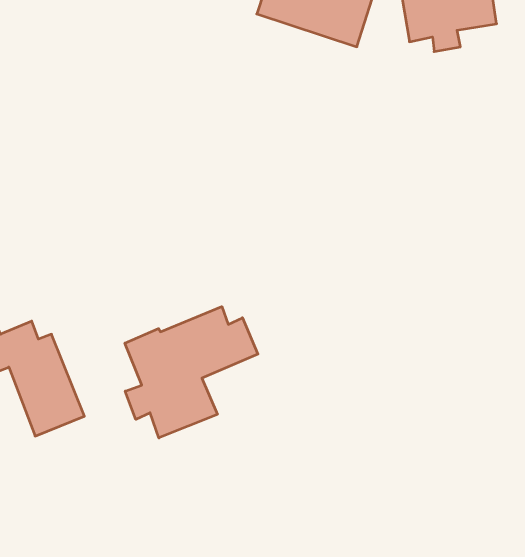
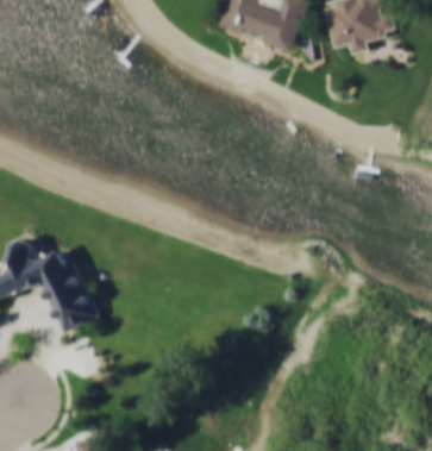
building: [125,307,258,438] -> none

